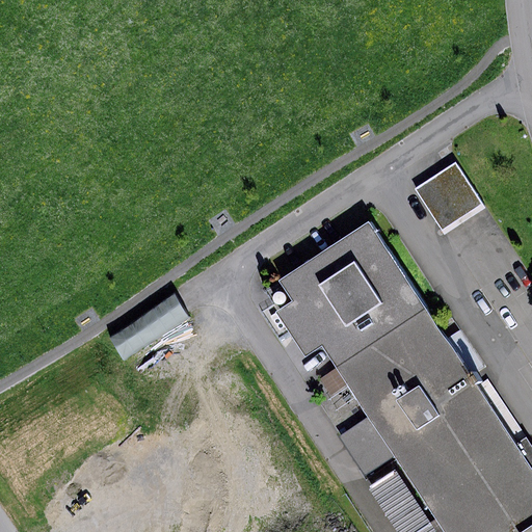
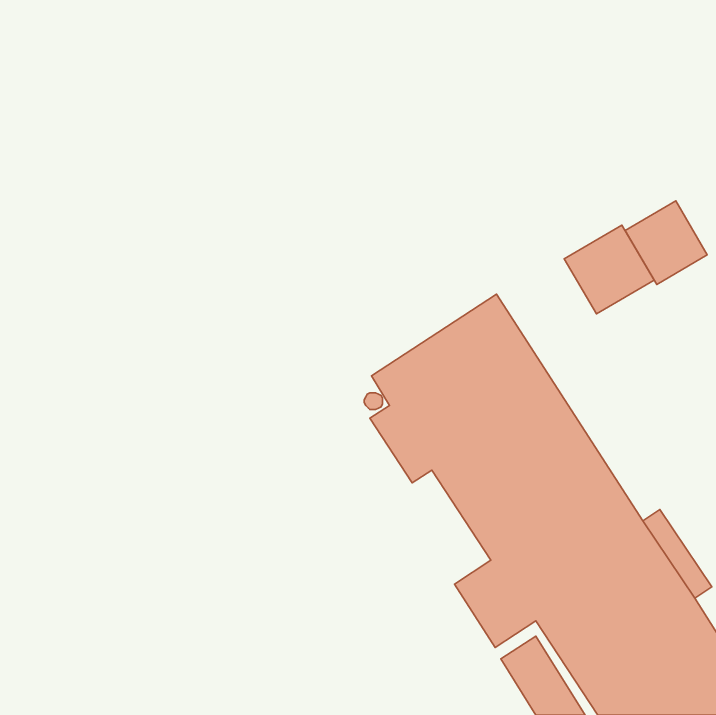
building: none -> [625,201,707,285]

